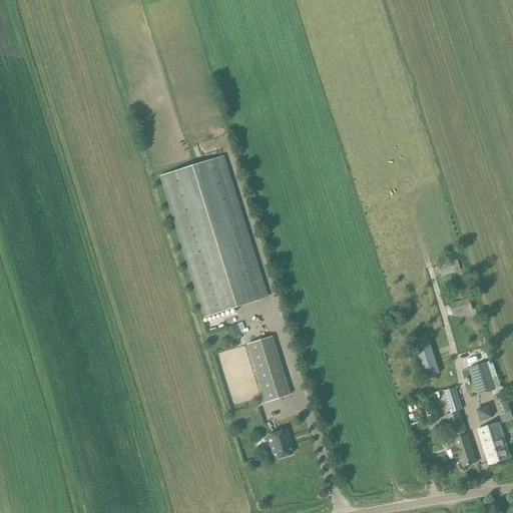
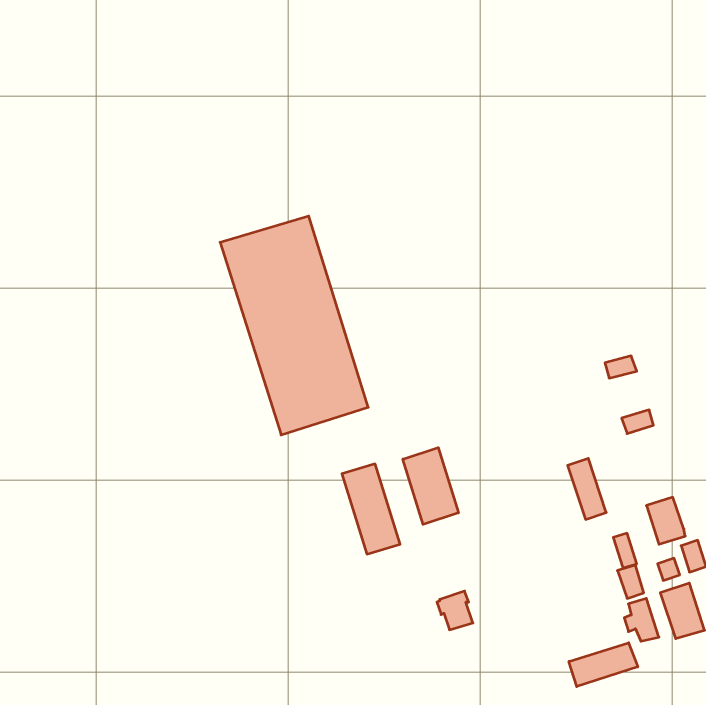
building: none -> [403,448,458,524]
building: [267,429,293,457] -> [437,591,473,630]
building: none -> [569,643,638,687]

